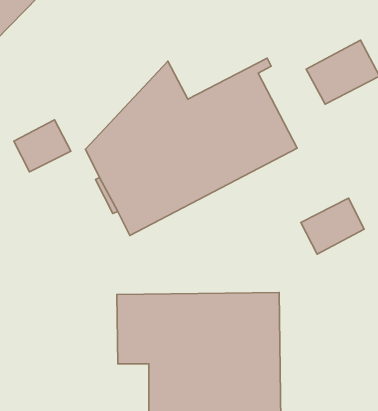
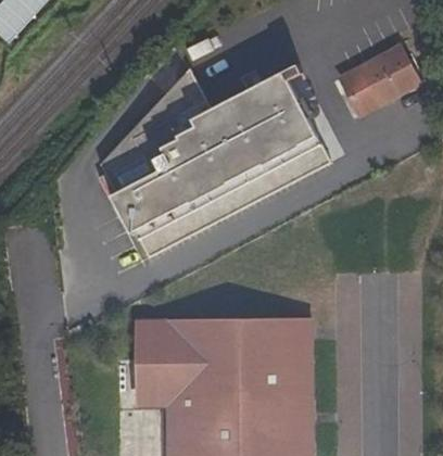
building: [14,120,71,172] -> none
building: [301,198,364,254] -> none

